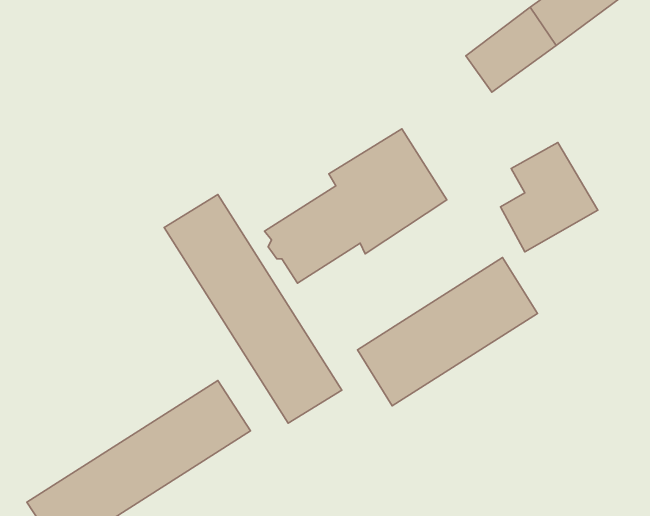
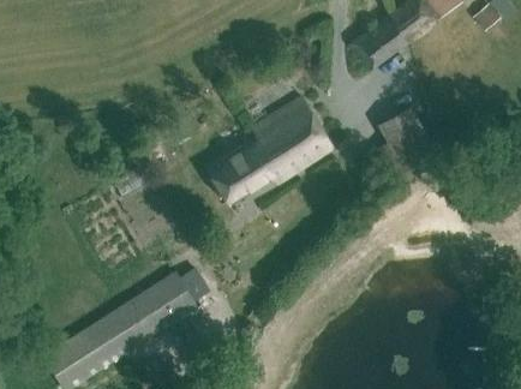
building: [164,194,342,423] -> none
building: [357,258,537,406] -> none

